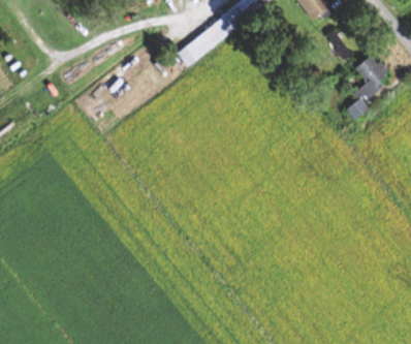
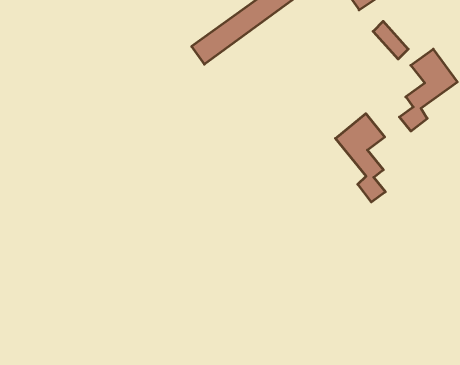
building: none -> [335,114,385,202]

